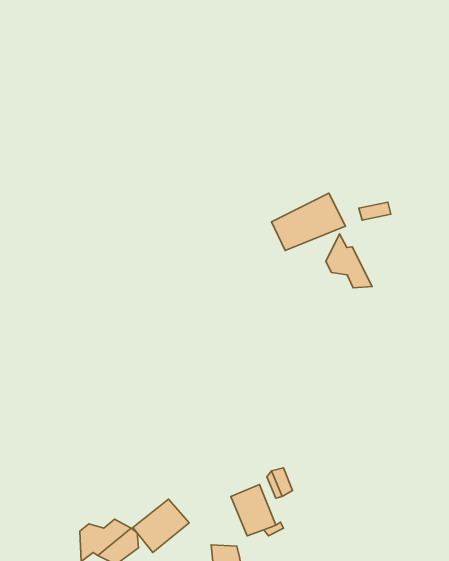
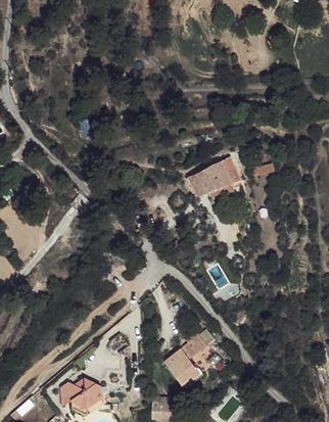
building: [326,234,372,288] -> none
building: [133,499,189,552] -> none

